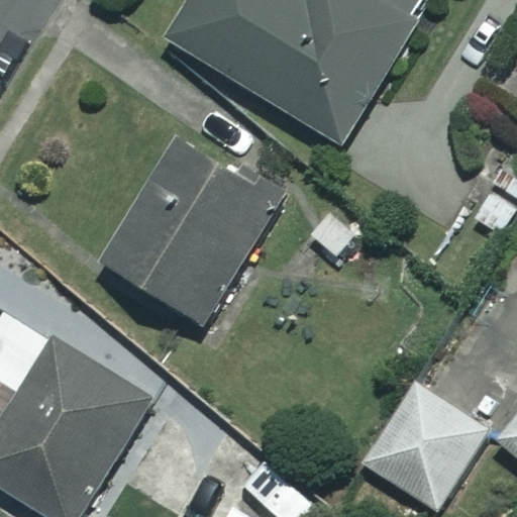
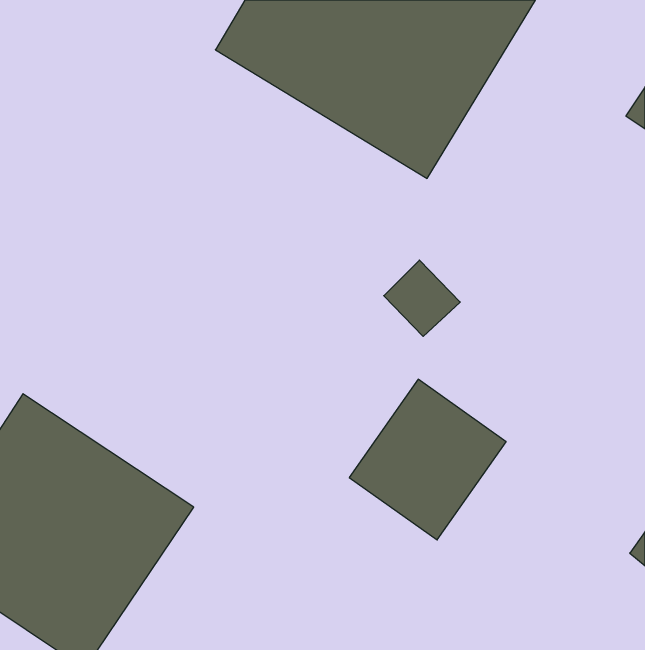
building: [105,134,282,321] -> none
building: [363,383,487,510] -> [349,379,506,540]

